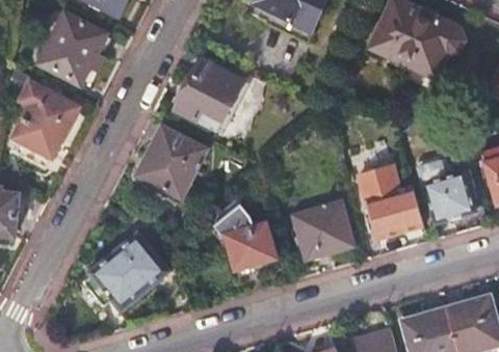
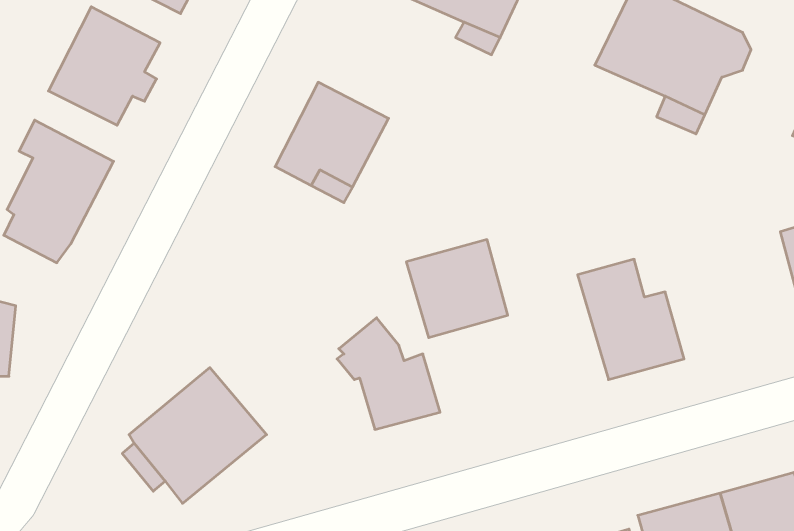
building: [137,126,206,197] -> none
building: [423,169,475,221] -> none
building: [292,199,353,259] -> [406,240,508,338]

